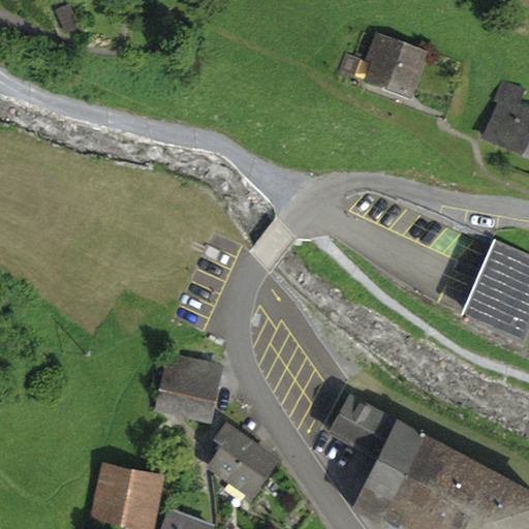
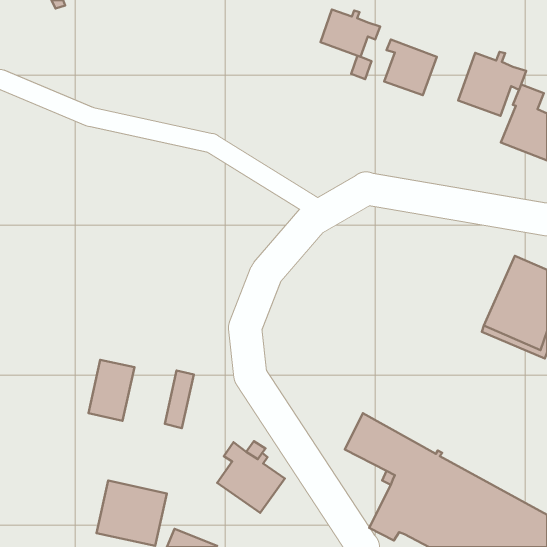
building: none -> [321,9,380,57]
building: none -> [458,52,526,116]
building: [176,362,220,421] -> [88,360,134,421]

